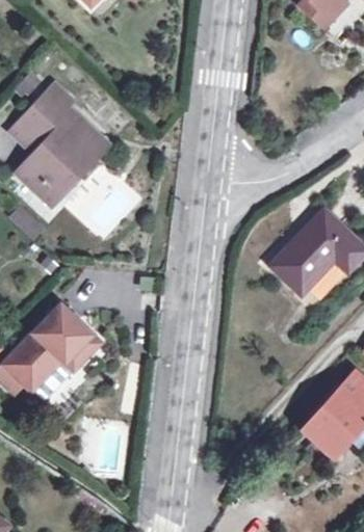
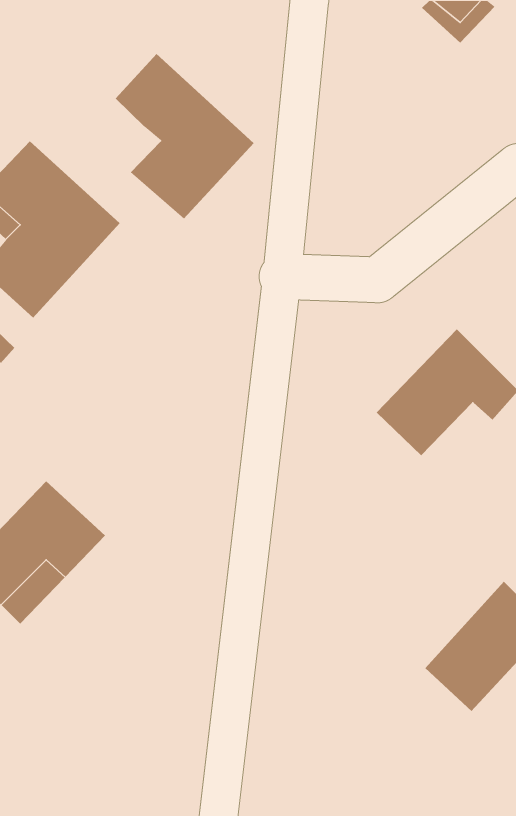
building: none -> [115,53,254,220]

